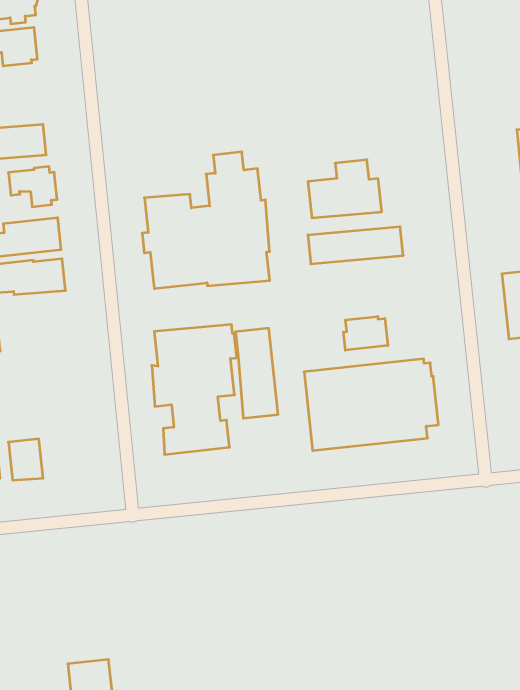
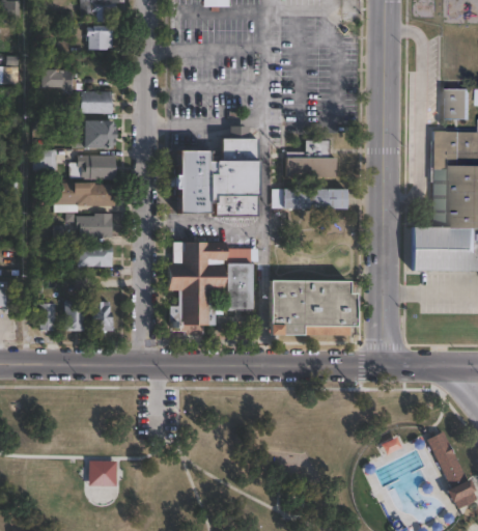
building: none -> [78,215,112,239]
building: [343,316,388,350] -> none
building: none -> [78,245,112,271]
building: none -> [93,305,114,332]

